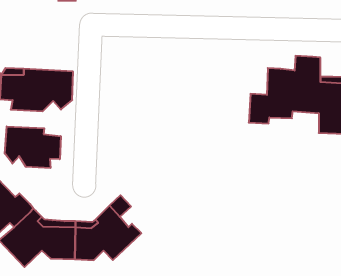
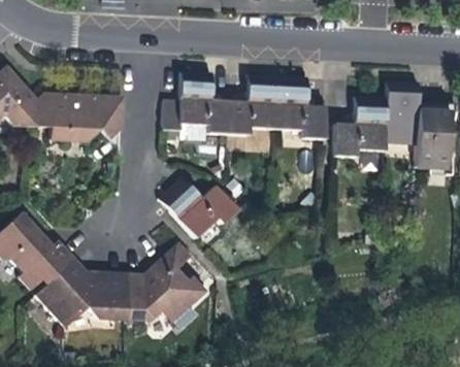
building: none -> [164,70,326,138]
building: [5,126,61,168] -> none
building: none -> [161,177,238,237]

